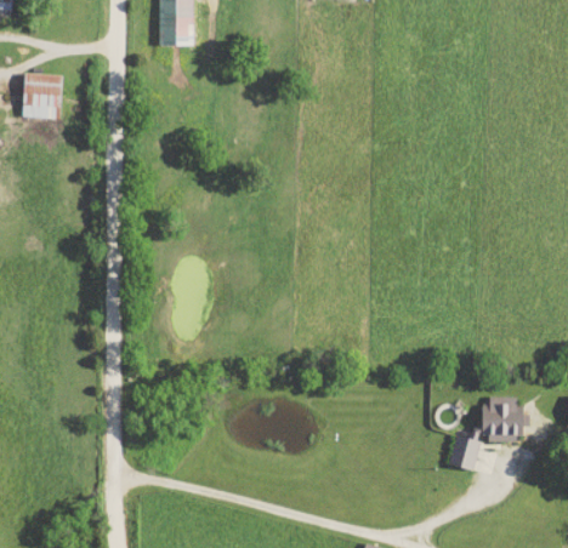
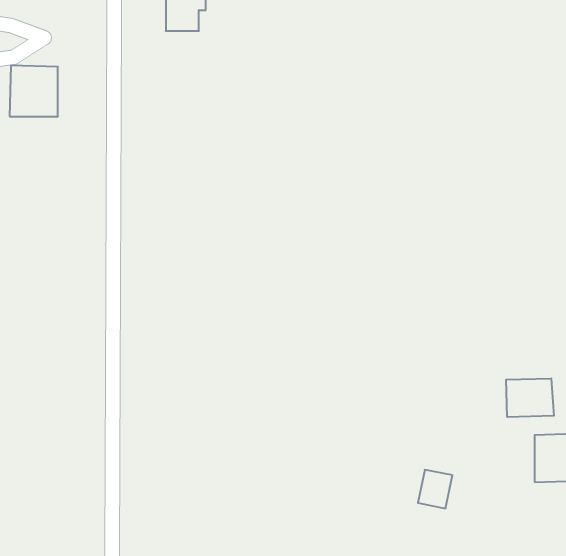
building: none -> [506,378,554,417]
building: [451,436,482,470] -> [418,470,452,508]

